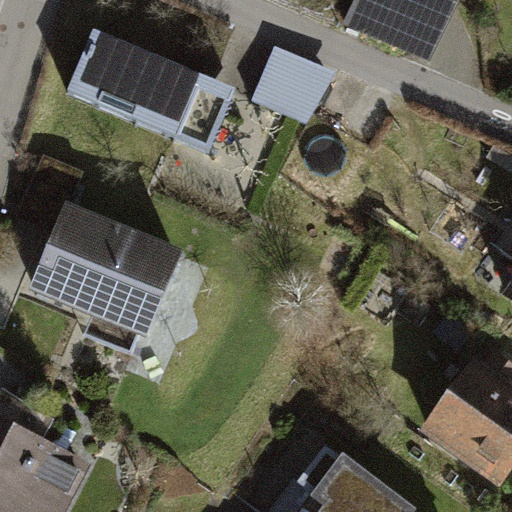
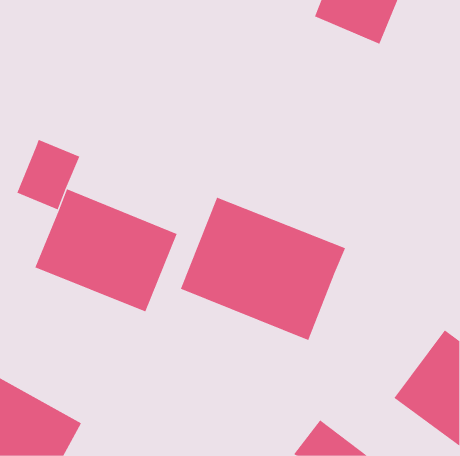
building: [73,35,239,153] -> none
building: [252,45,329,118] -> none
building: none -> [180,197,346,341]

